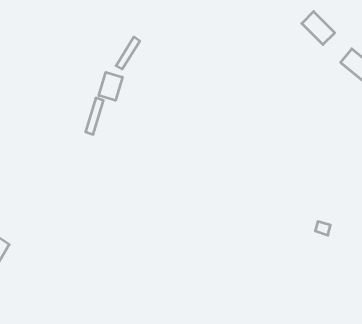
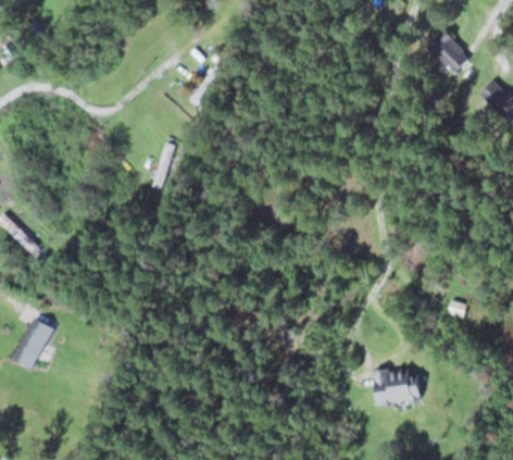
building: [99,72,122,100] -> none
building: none -> [375,369,420,403]

